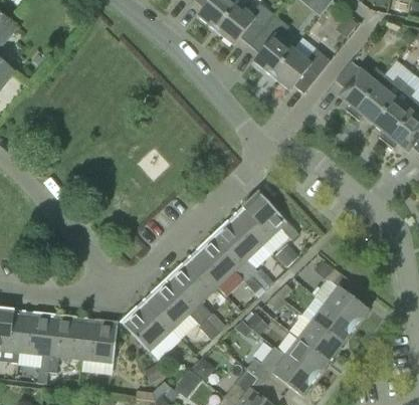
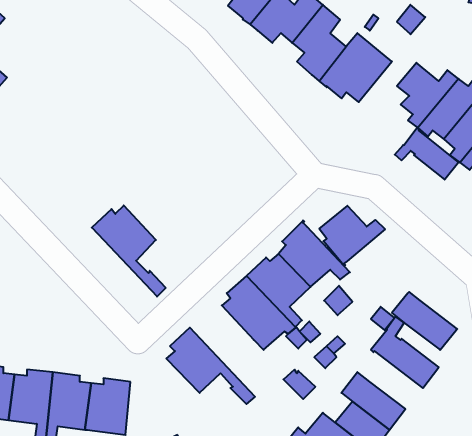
building: none -> [395,128,459,180]
building: none -> [319,206,385,266]
building: [166,258,226,333] -> [92,205,166,297]
building: [302,295,356,343] -> [392,292,457,350]
building: [120,301,174,352] -> none

